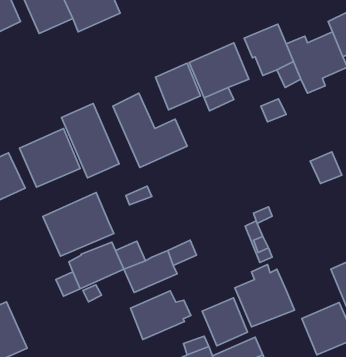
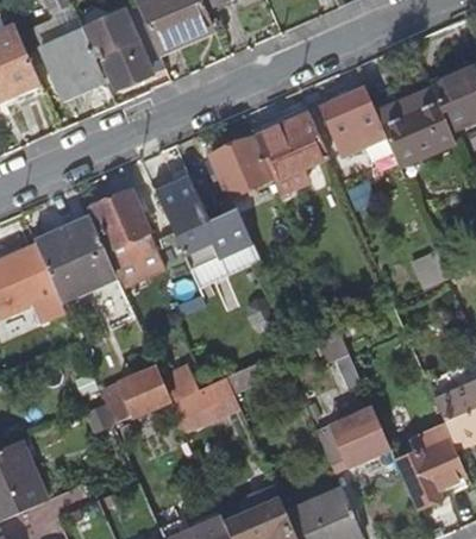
building: [43,193,114,256] -> none
building: [131,291,191,340] -> none
building: [202,298,248,346] -> none

